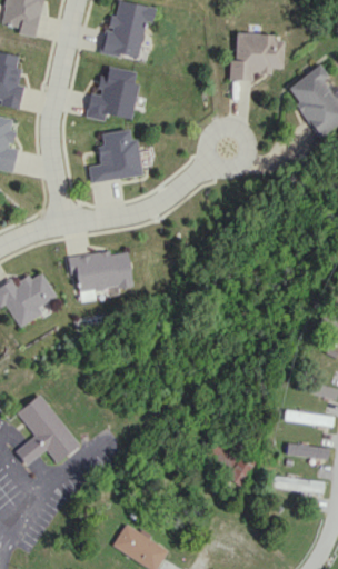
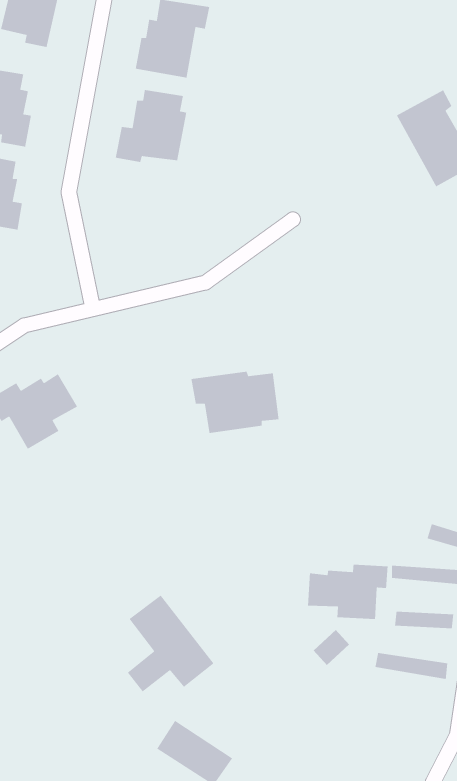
building: [228,33,285,81] -> none
building: [88,130,140,182] -> none
building: [67,251,131,297] -> [190,371,280,434]
building: [17,395,80,466] -> [127,594,215,693]
building: none -> [307,564,389,620]

